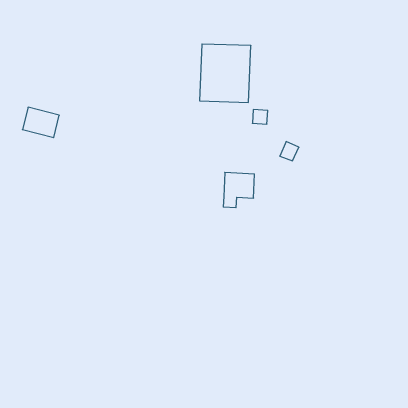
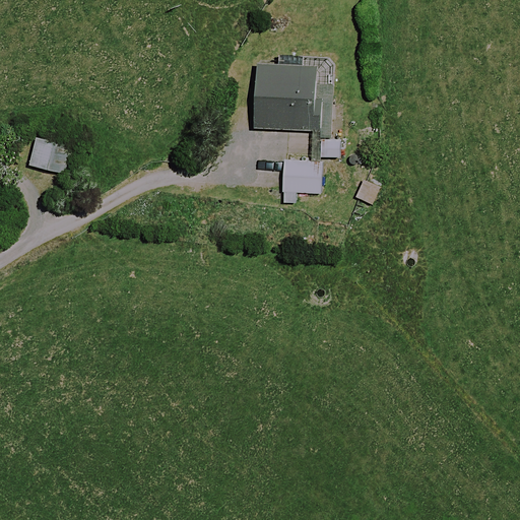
building: [223,172,254,208] -> [281,160,321,205]

